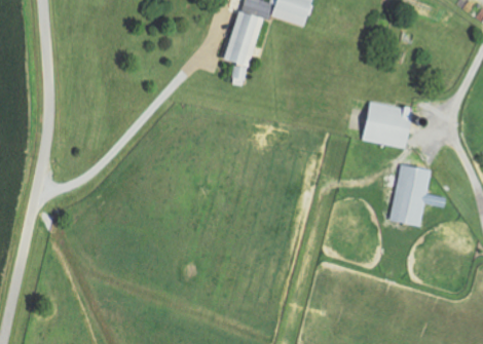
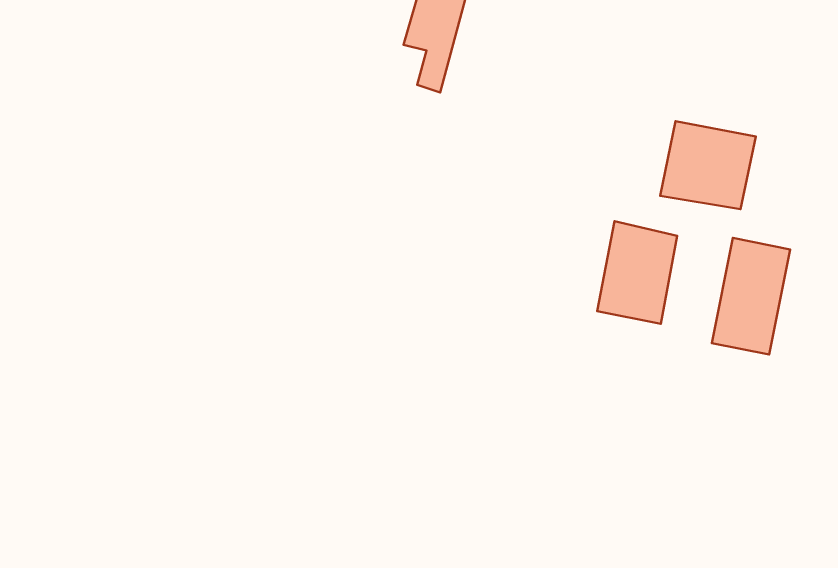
building: none -> [597,221,677,324]

